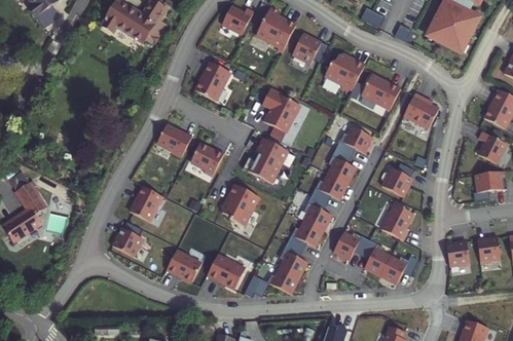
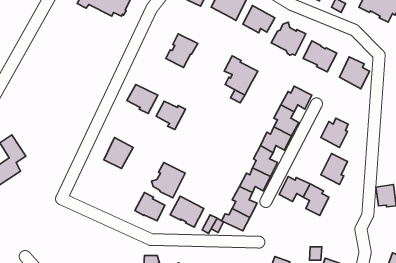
building: [244,139,288,183] -> none
building: [222,185,261,226] -> [151,163,185,198]
building: [115,223,146,258] -> none
building: [381,255,419,285] -> none

